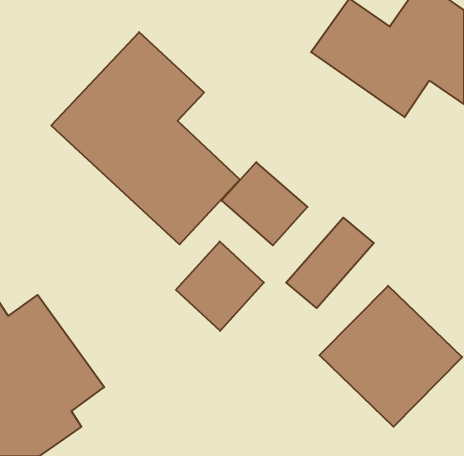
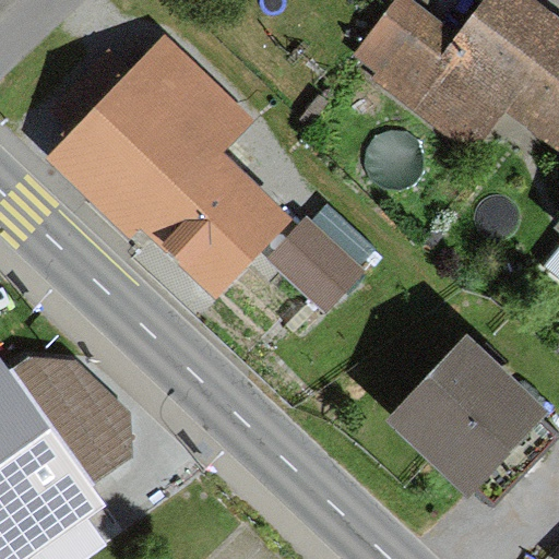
building: [286,218,374,308] -> none
building: [176,241,264,331] -> none

